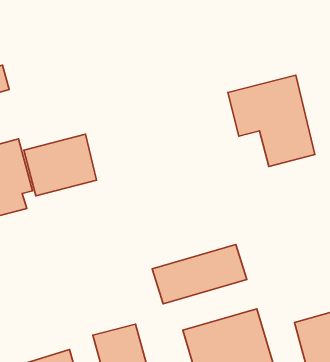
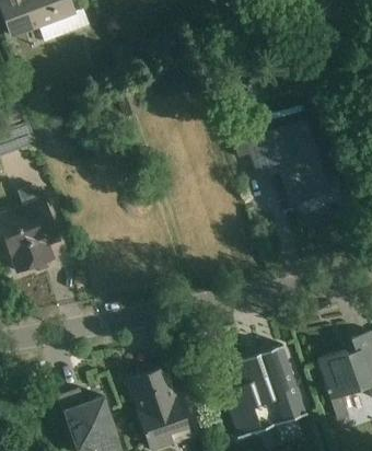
building: [24,134,97,196] -> none
building: [152,244,247,304] -> none

